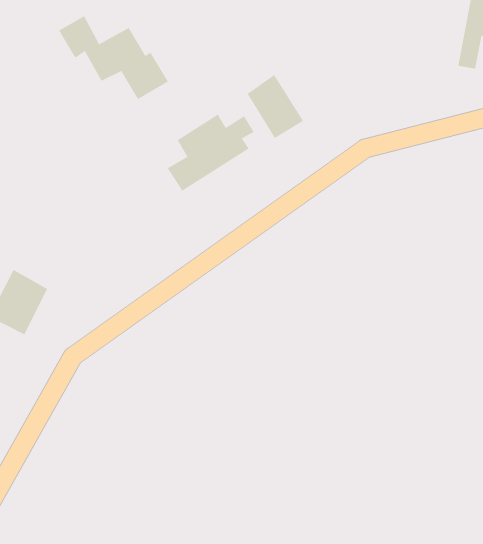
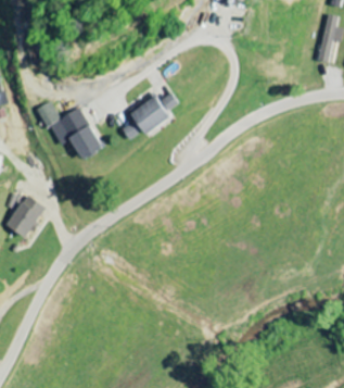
building: [58,16,169,100] -> [34,102,106,158]
building: [247,74,304,139] -> none

